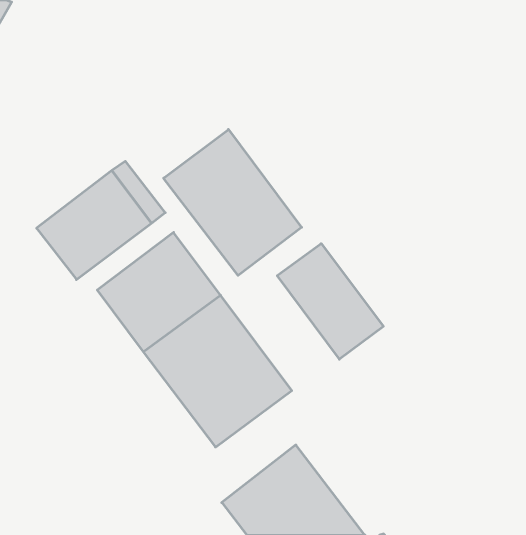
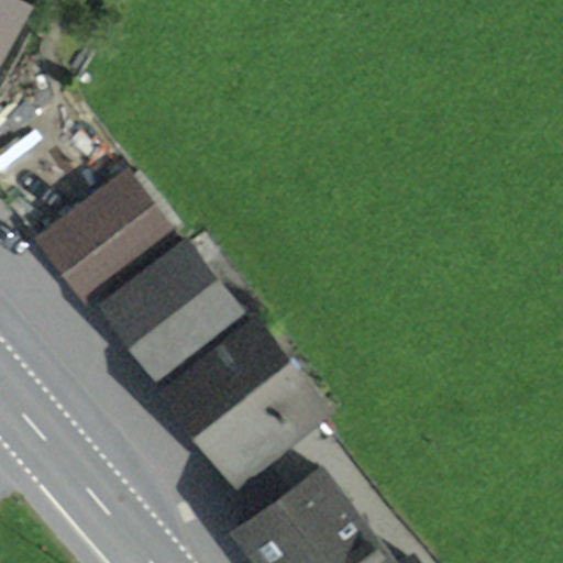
building: [164,129,302,275] -> none
building: [277,244,383,359] -> none

